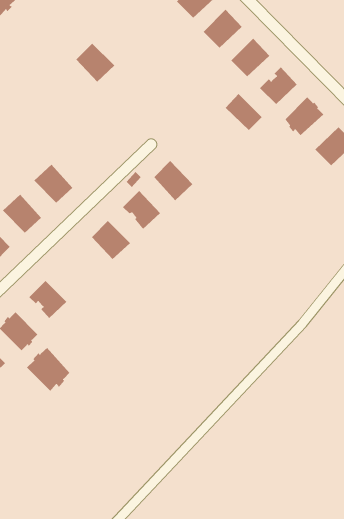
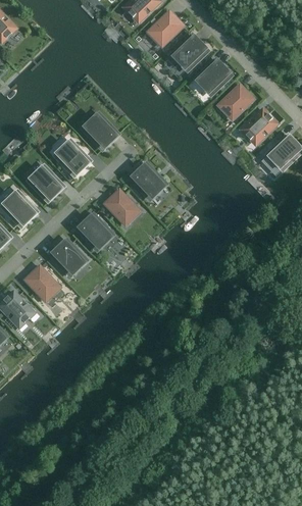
building: [75,43,115,82] -> [85,114,118,148]
building: [225,93,262,131] -> none
building: none -> [56,141,90,175]
building: none -> [52,240,86,273]
building: [26,347,70,392] -> none

